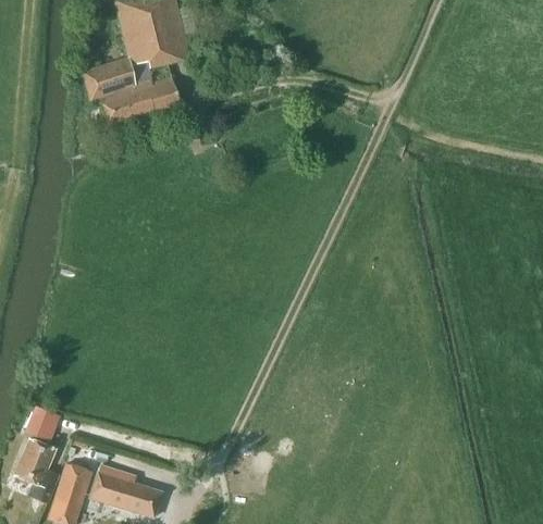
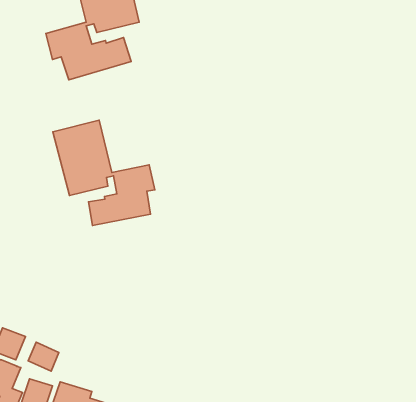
building: none -> [53,120,155,225]
building: none -> [28,342,59,371]

